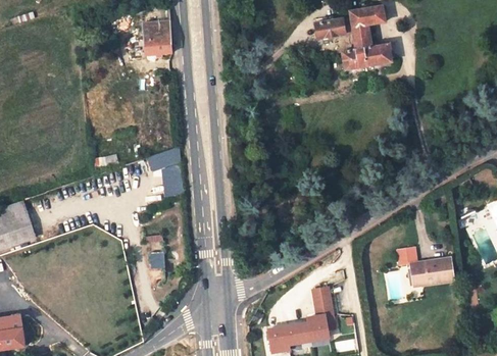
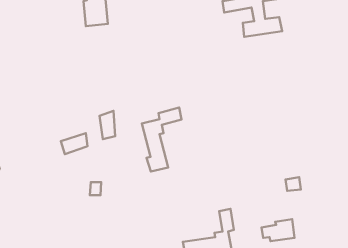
building: [148,146,182,172] -> [61,133,88,154]
building: none -> [142,108,182,172]
building: [411,258,453,286] -> [262,219,295,241]

